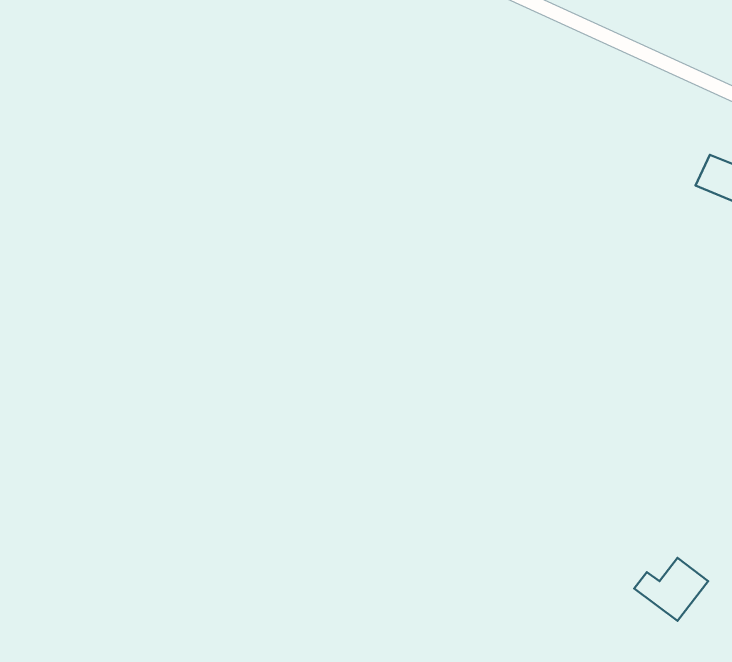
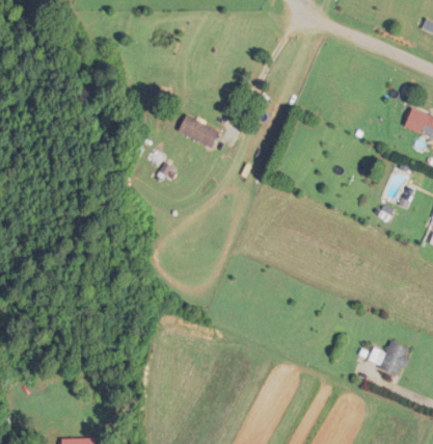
building: none -> [178,114,219,148]

